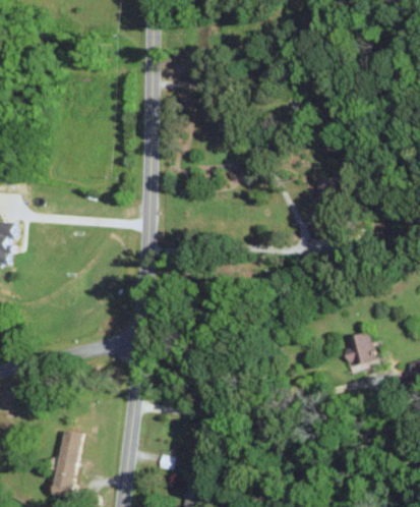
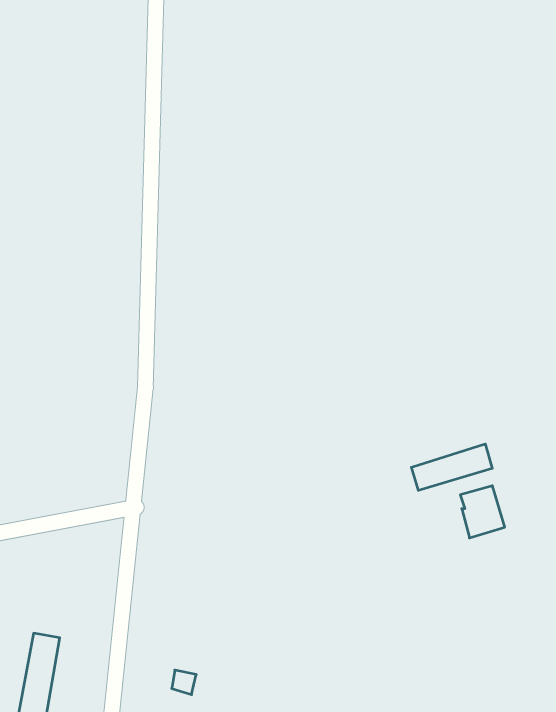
building: none -> [411,444,492,490]

